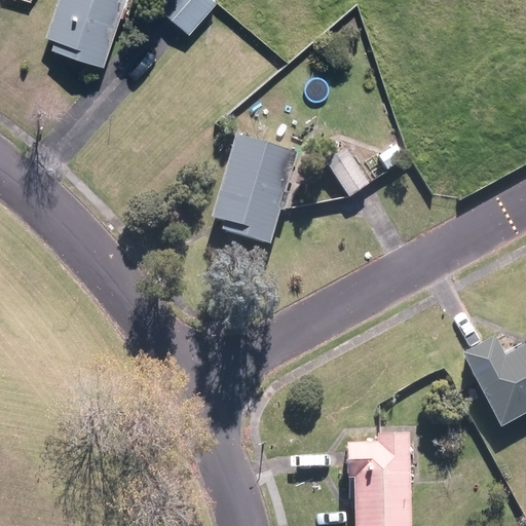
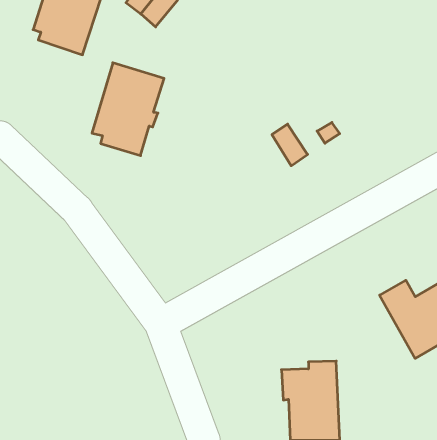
building: [213,136,298,246] -> [92,63,164,156]

